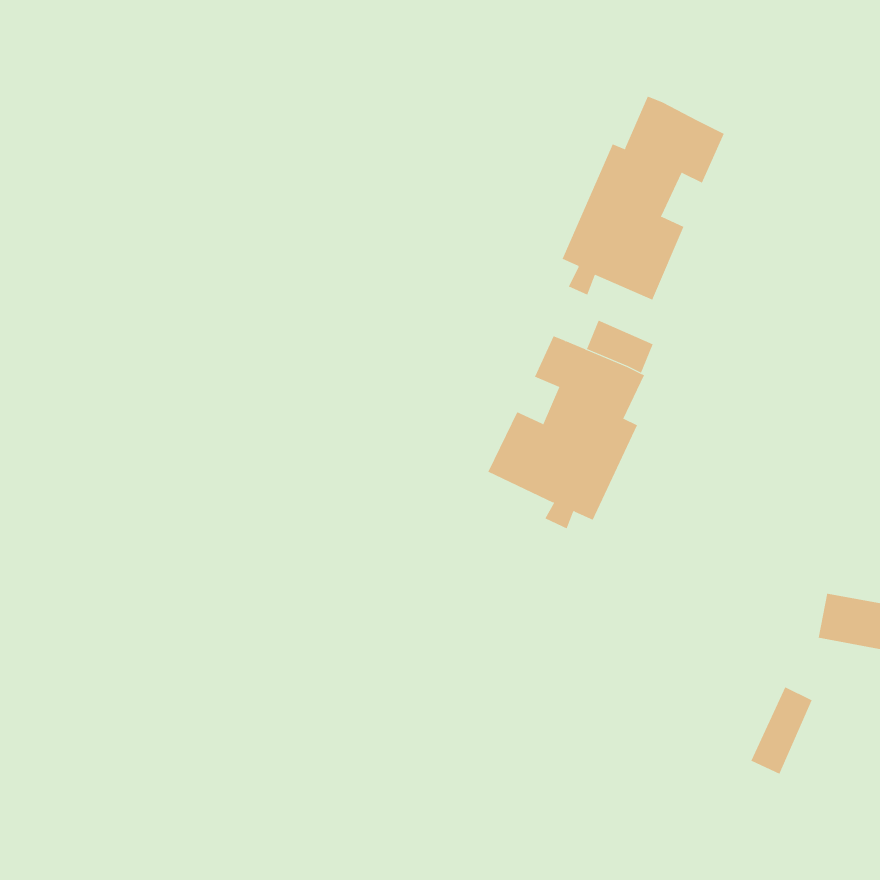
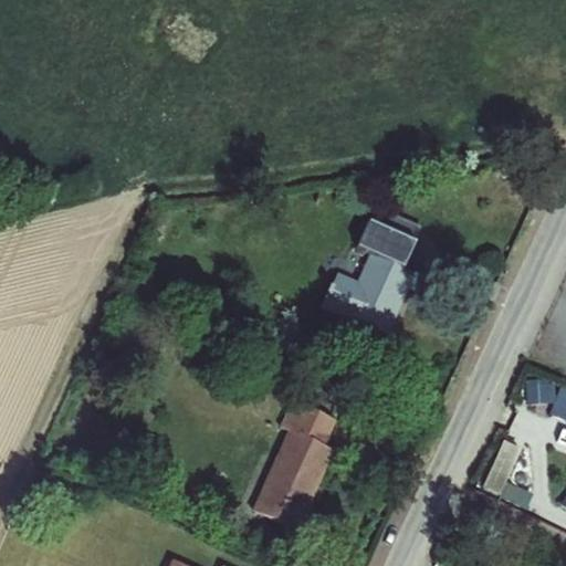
building: [562,96,724,300] -> none
building: none -> [264,411,333,512]

